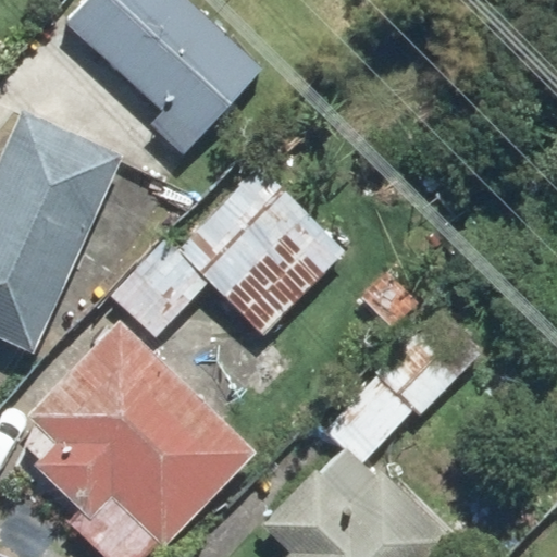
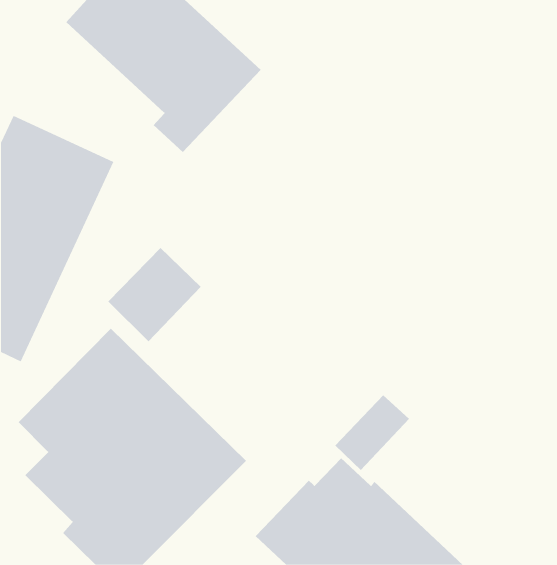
building: [178,168,345,333] -> none

